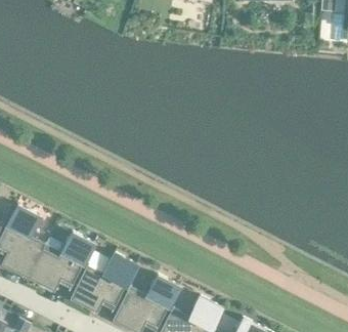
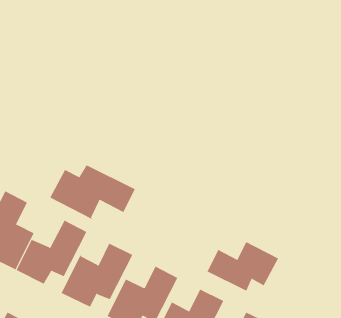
building: none -> [50,164,136,220]
building: none -> [207,241,279,291]

